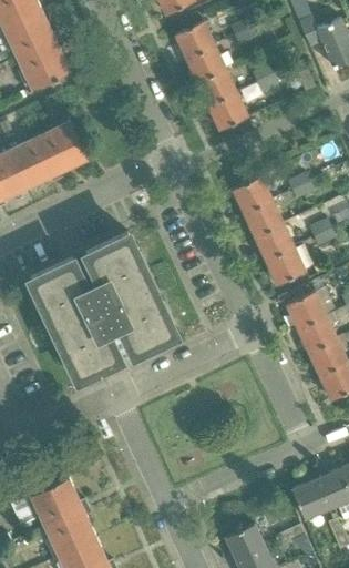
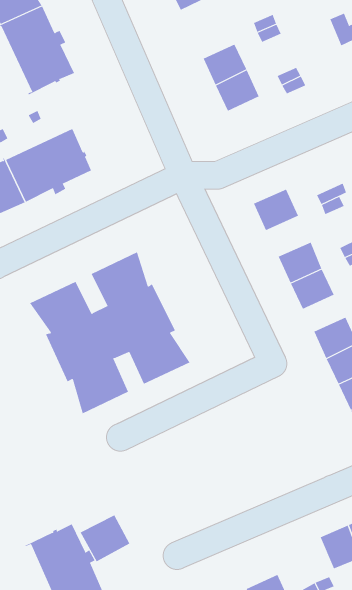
building: [175,21,215,59] -> none
building: [208,93,248,131] -> none
building: [243,201,284,237] -> none
building: none -> [80,515,130,562]

